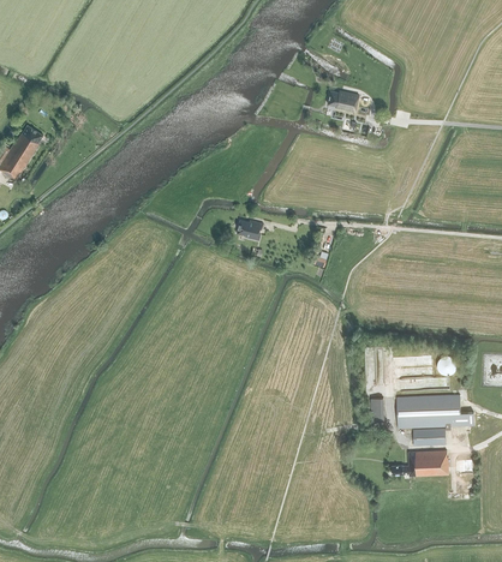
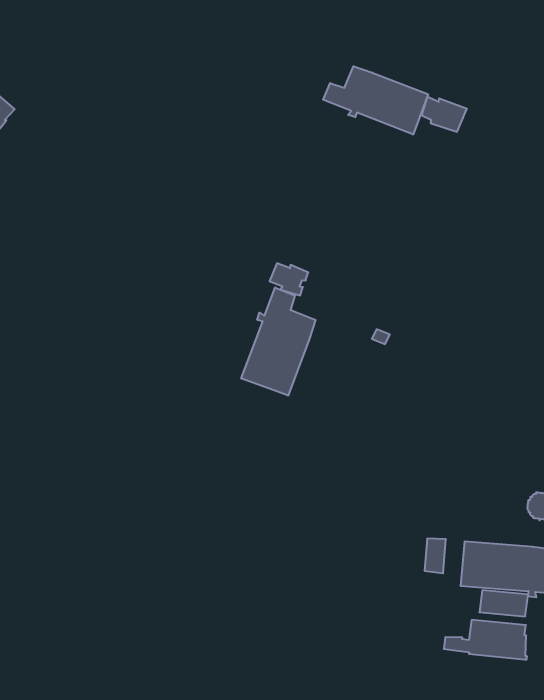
building: none -> [323,66,428,135]
building: none -> [241,287,315,396]

